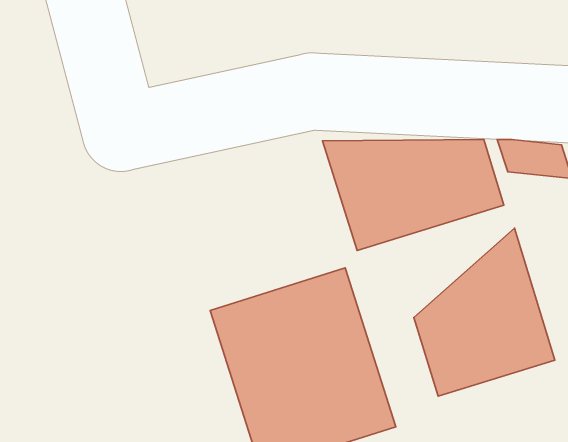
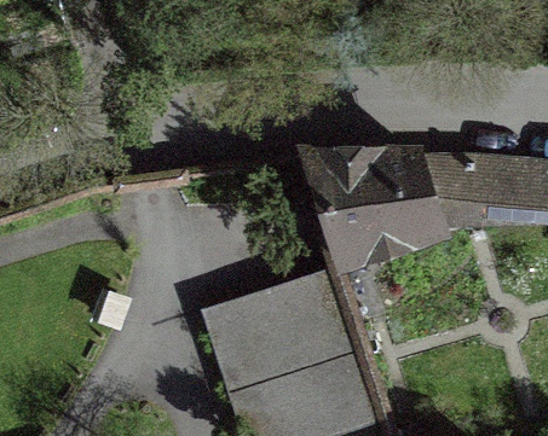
building: [414,228,555,396] -> none

